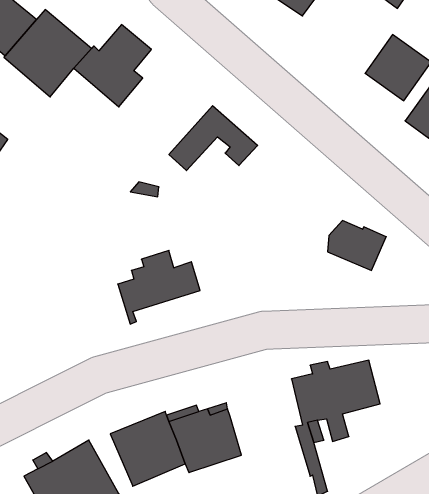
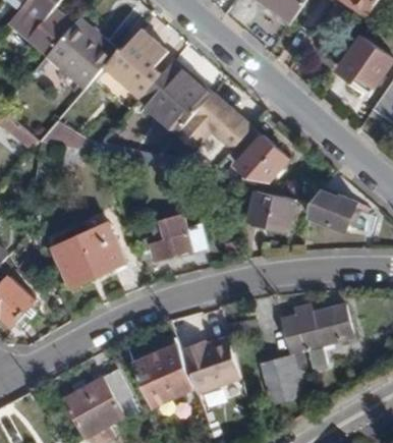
building: none -> [137,60,211,133]
building: none -> [226,128,288,185]
building: none -> [250,189,296,227]
building: none -> [54,223,126,287]
building: none -> [258,357,295,405]

